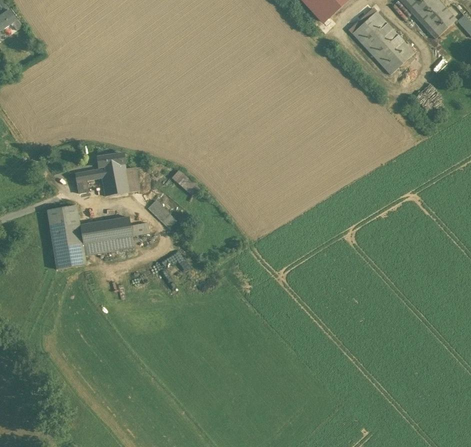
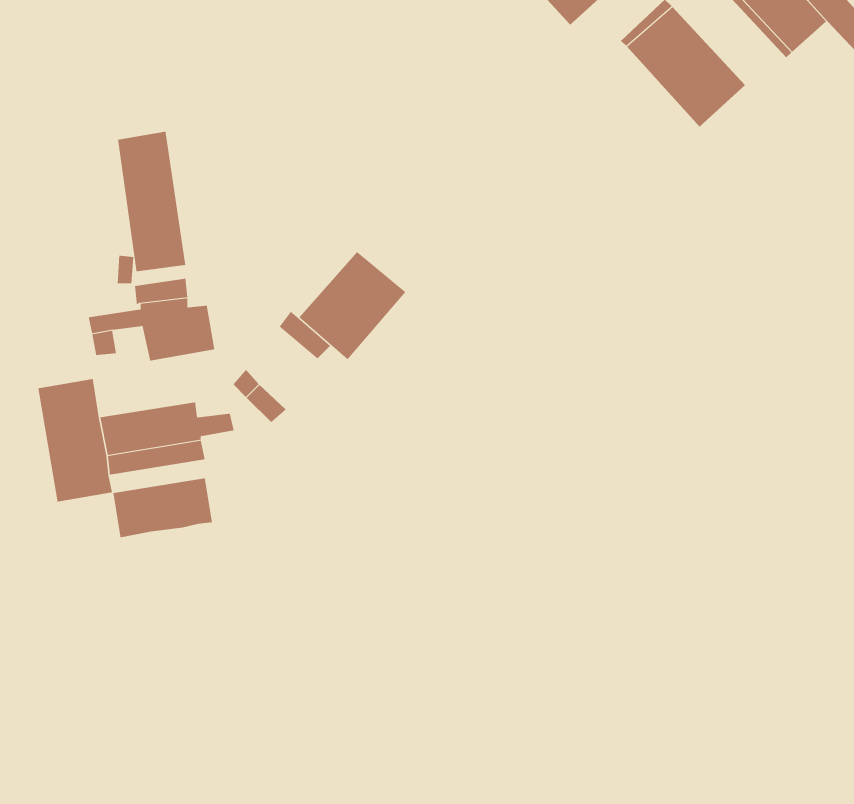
building: none -> [118,131,186,272]
building: none -> [298,251,406,360]
building: none -> [113,477,212,538]

